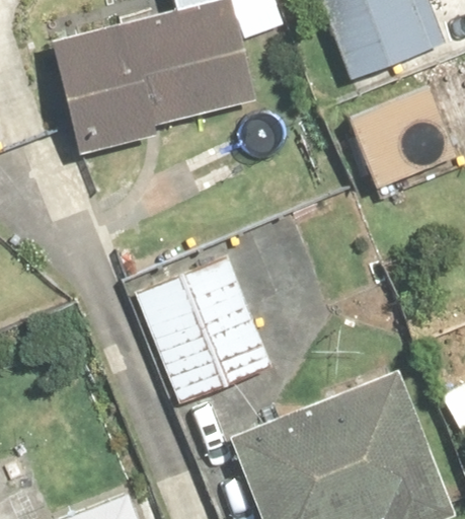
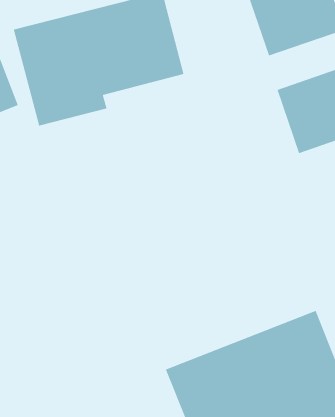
building: [132,260,272,404] -> none

